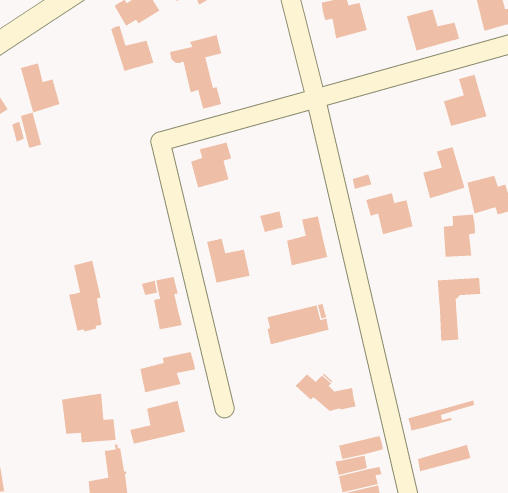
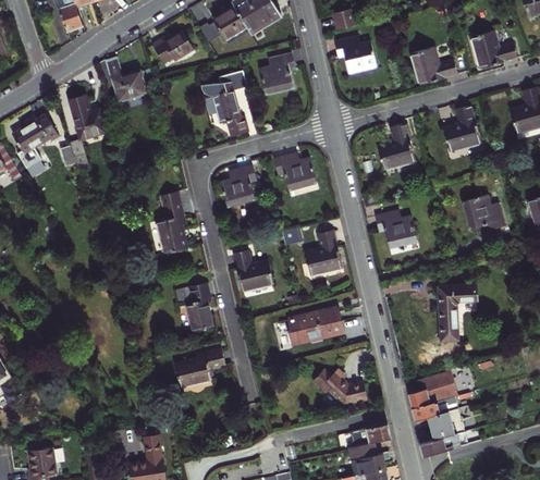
building: none -> [259,52,295,94]
building: [110,25,155,72] -> [108,59,147,100]
building: none -> [273,151,316,189]
building: [422,146,465,199] -> [378,123,416,170]
building: [443,214,476,257] -> none
building: [68,260,103,333] -> [157,190,187,255]
building: none -> [408,370,458,408]
building: [61,393,116,443] -> none
building: [129,400,186,445] -> none
building: none -> [428,408,465,440]

